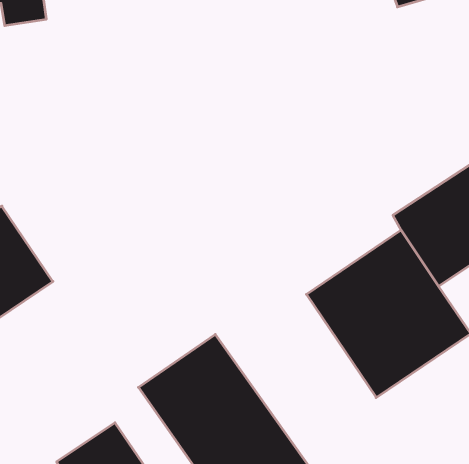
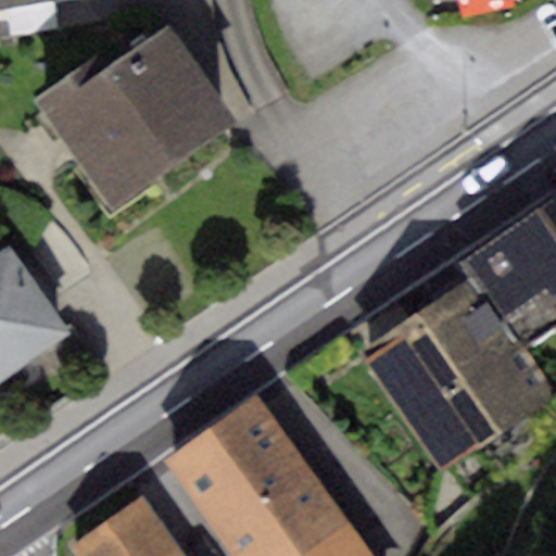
building: none -> [34,23,233,204]

